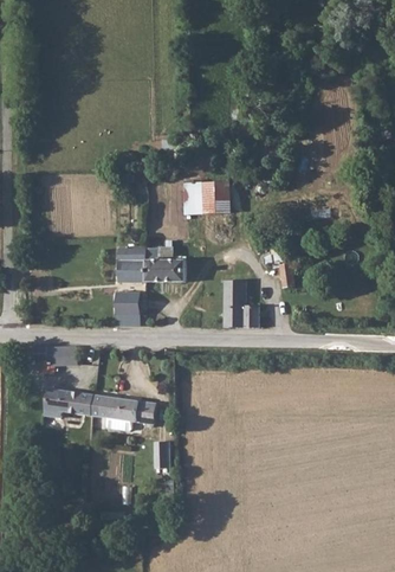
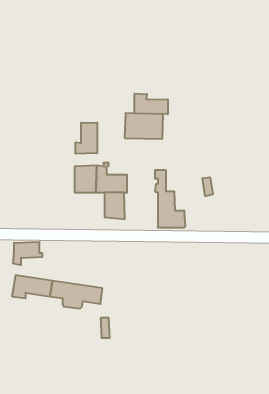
building: none -> [134,94,168,114]
building: none -> [75,122,97,154]
building: [112,289,138,323] -> [105,192,125,219]

